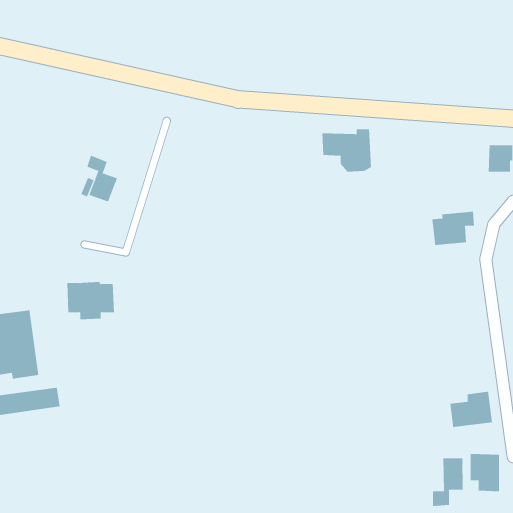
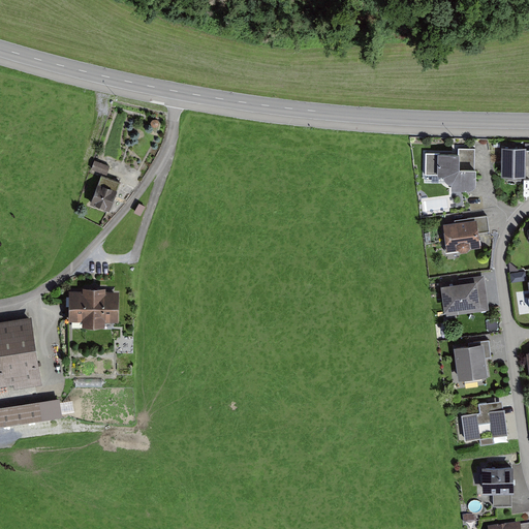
building: [322,129,372,172] -> [425,150,476,194]
building: none -> [441,277,488,315]
building: none -> [455,345,487,381]
building: [432,457,463,507] -> none

